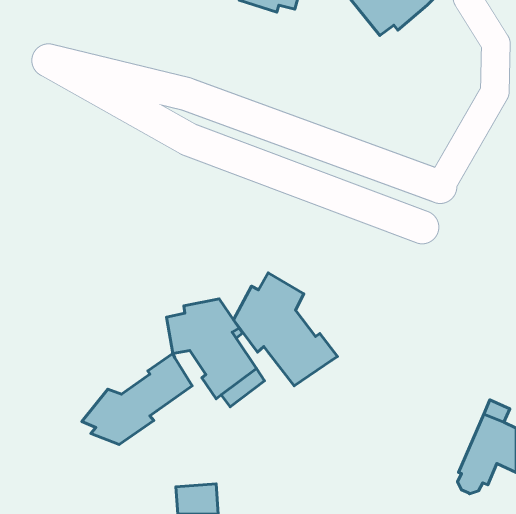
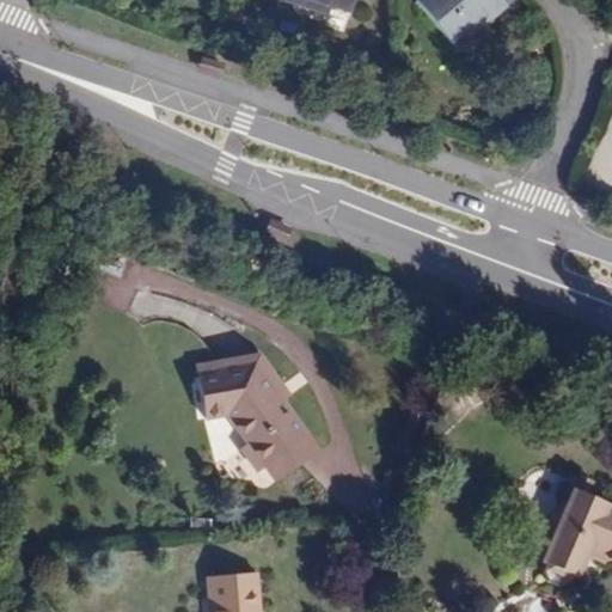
building: [233,273,338,386] -> none
building: [82,353,192,444] -> none

